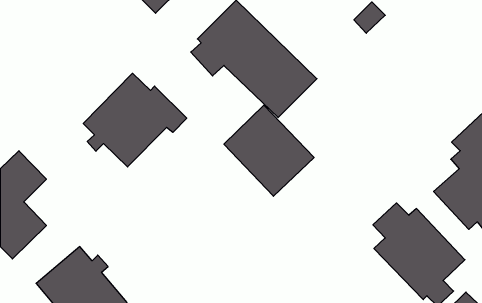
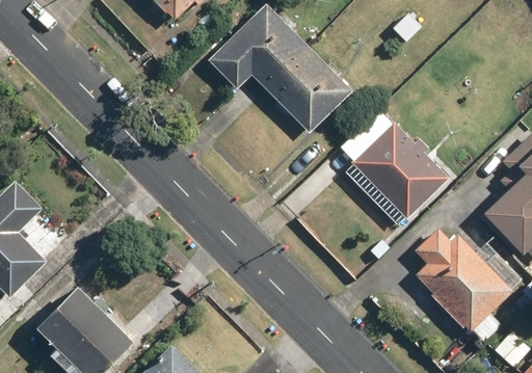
building: [83,73,187,167] -> none
building: [224,105,314,196] -> [350,122,449,221]

